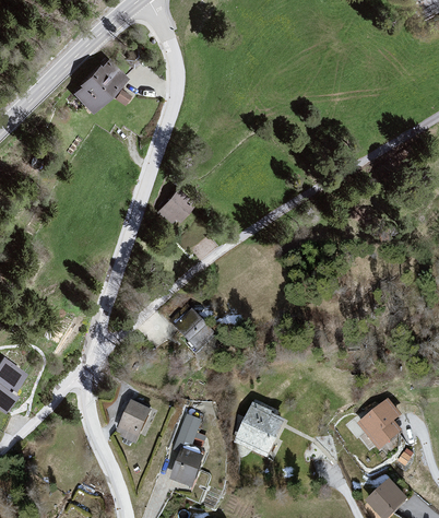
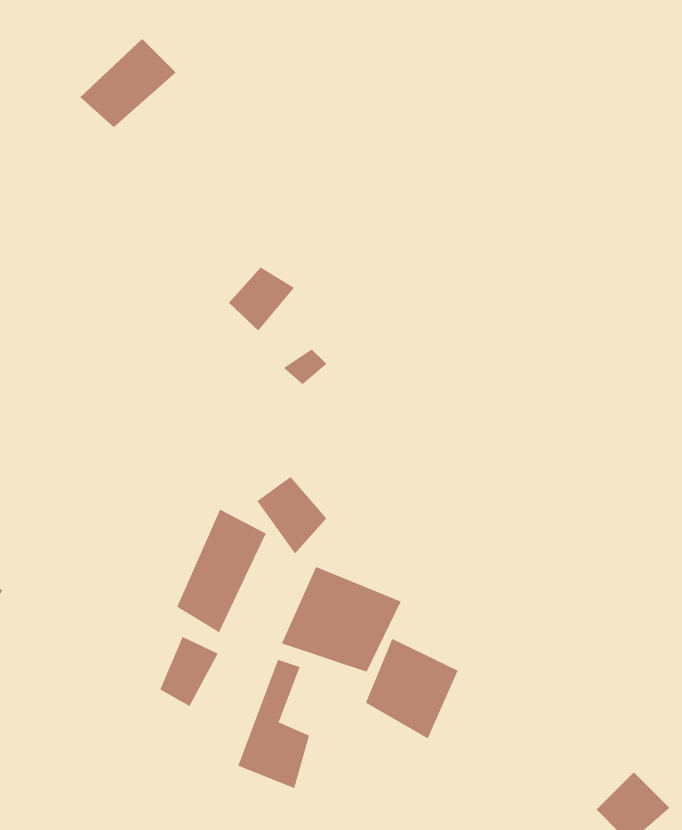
building: none -> [177,509,267,633]
building: none -> [281,566,401,673]
building: [356,402,402,451] -> none

